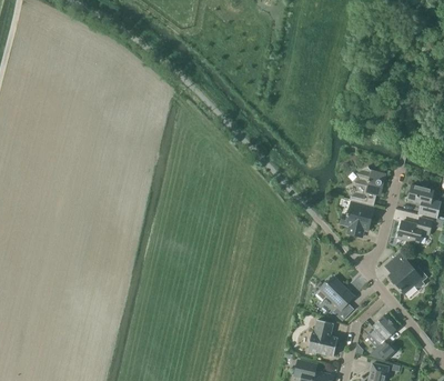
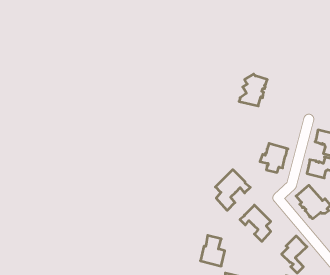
building: [350,167,384,205] -> [239,74,267,106]
building: none -> [215,170,250,210]
building: [307,319,337,357] -> [200,235,225,266]

